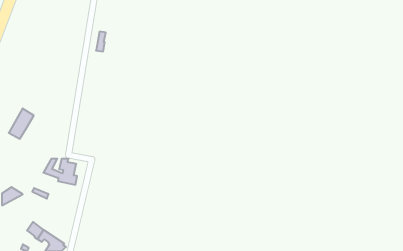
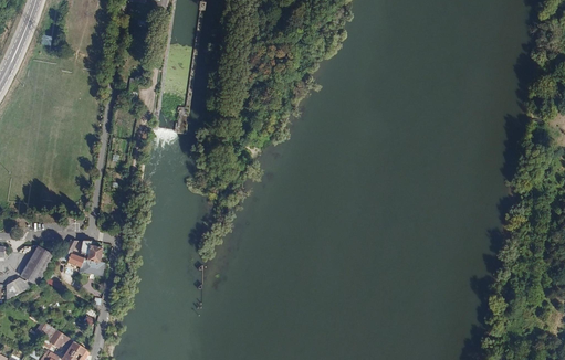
building: [9,108,34,139] -> [19,243,51,282]

